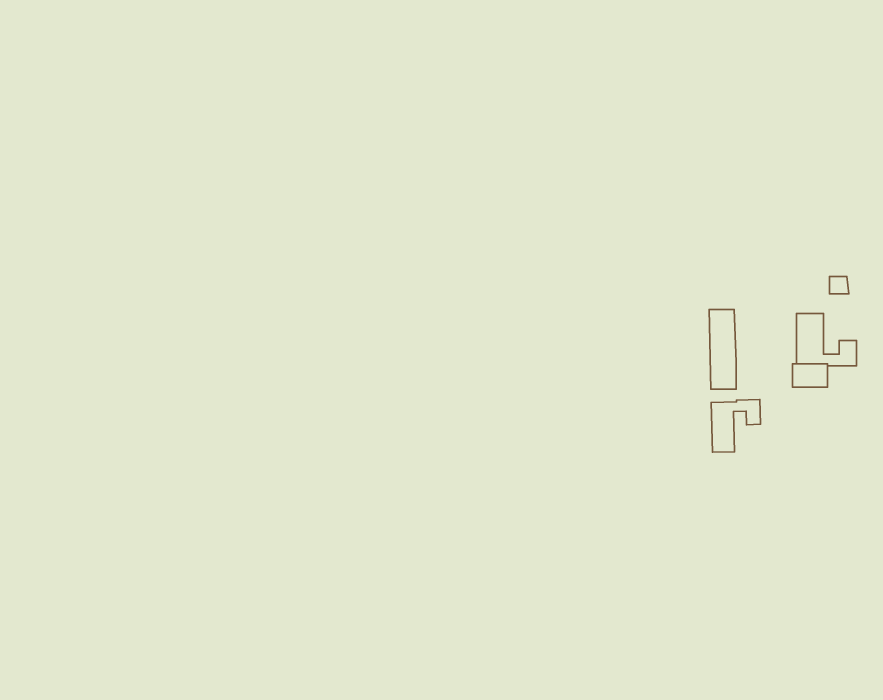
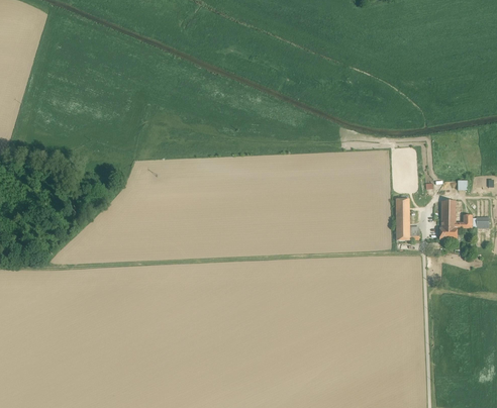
building: [711,399,761,452] -> none

